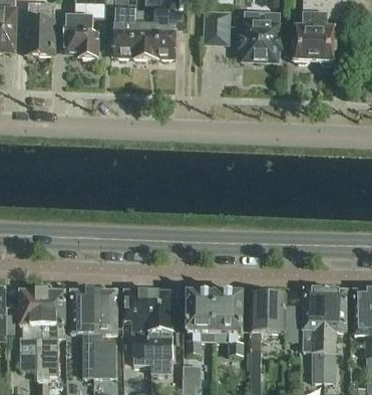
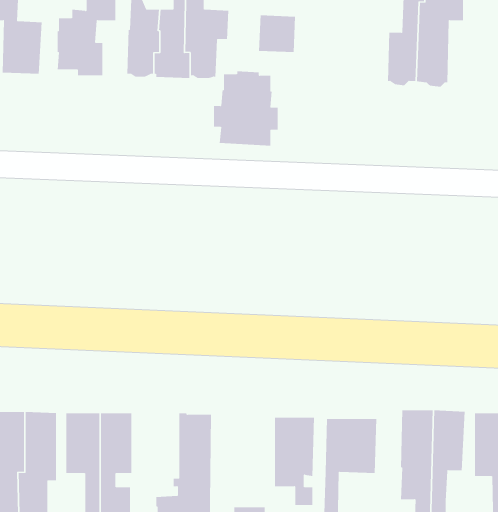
building: [239,9,284,61] -> [213,71,278,146]
building: [124,289,149,348] -> none
building: [188,292,216,353] -> none

